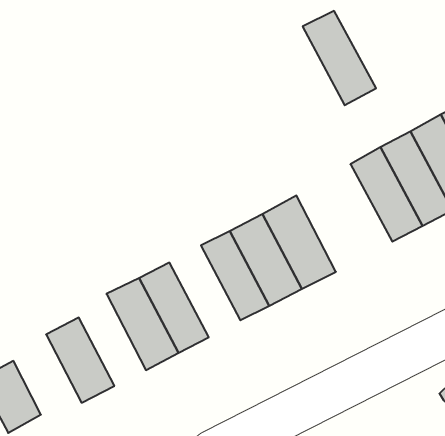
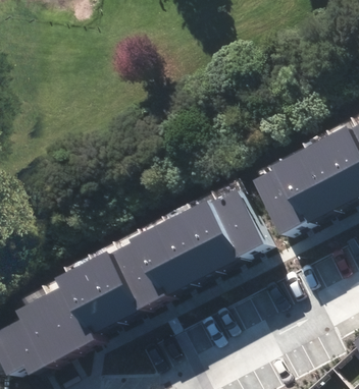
building: [303,11,376,105] -> [254,165,311,238]
building: none -> [138,228,193,299]
building: none -> [64,266,119,337]
building: none -> [13,297,69,366]

